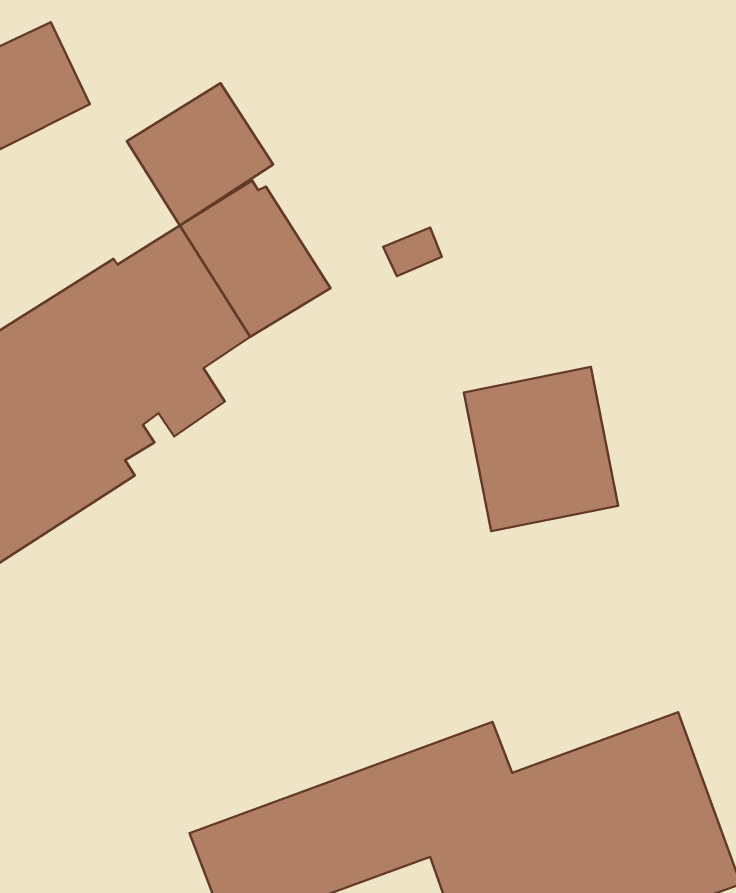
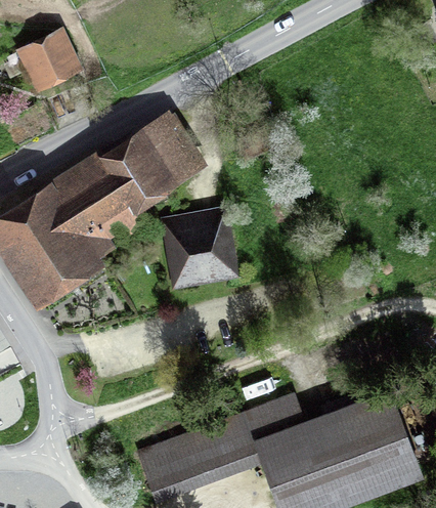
building: [127,83,273,225] -> none
building: [464,367,618,531] -> [159,207,239,293]

